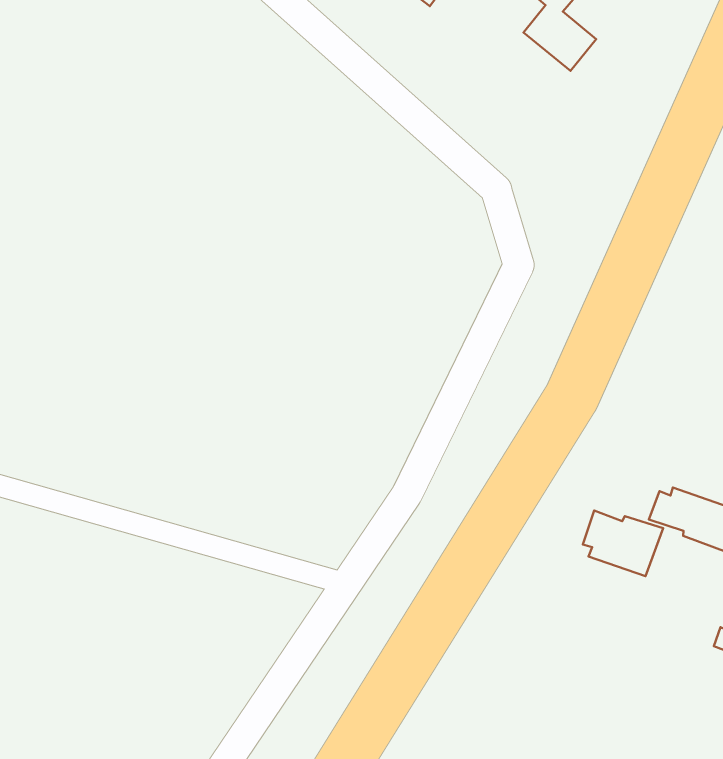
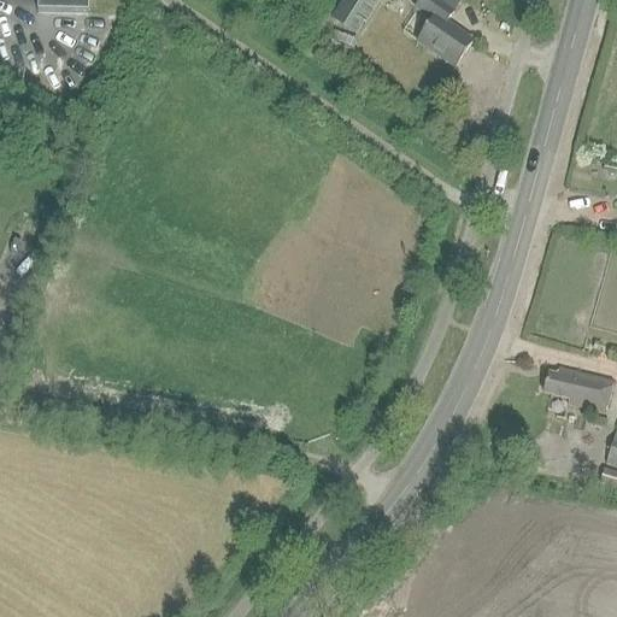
building: [583,510,663,576] -> none

